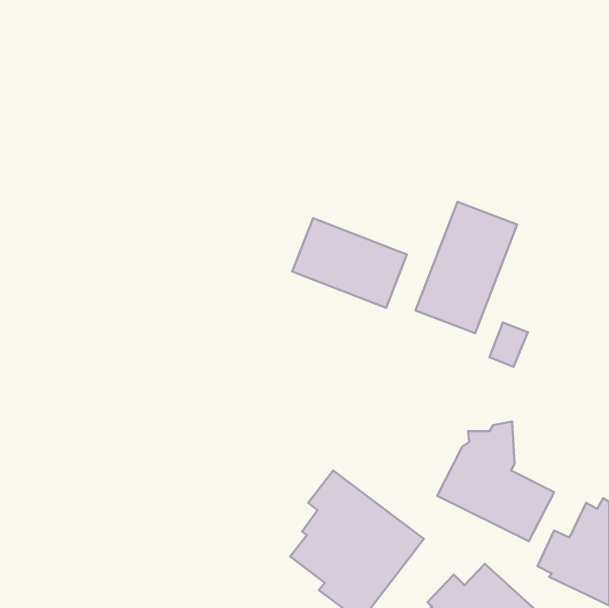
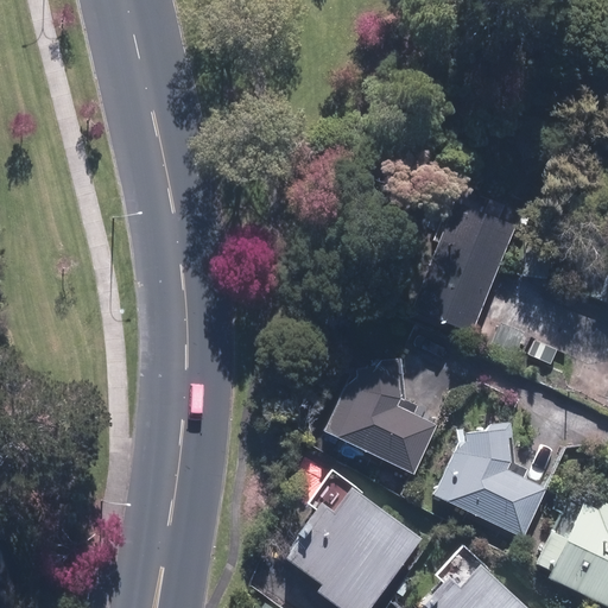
building: [292,218,407,308] -> none
building: none -> [324,359,438,476]

